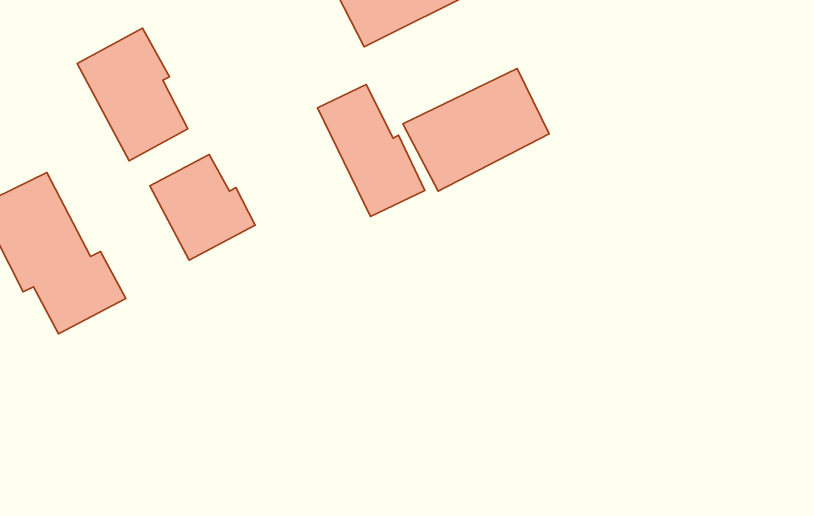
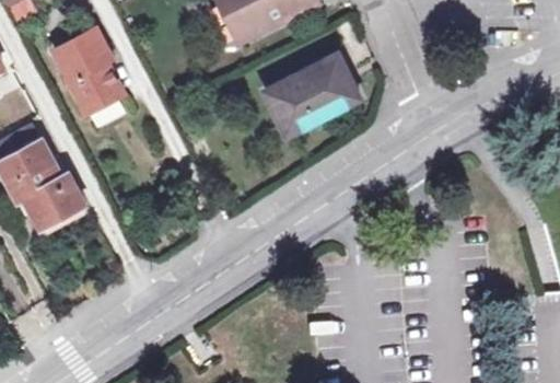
building: [317,84,425,217] -> none
building: [150,155,255,260] -> none

